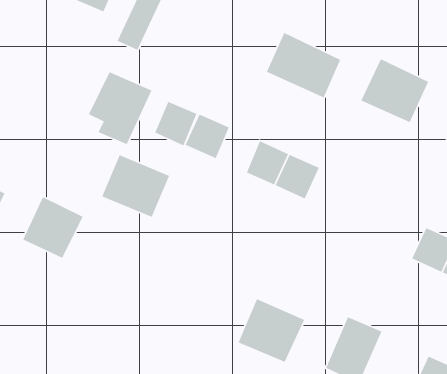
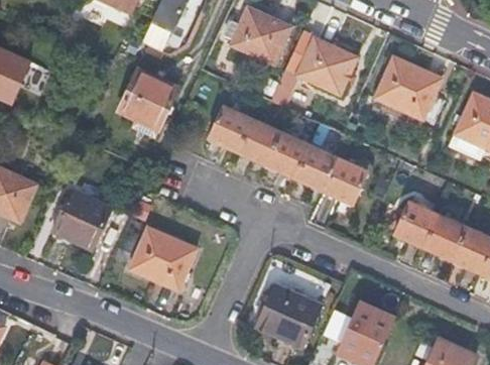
building: none -> [229,7,289,64]
building: [154,101,198,147] -> [237,122,278,165]
building: [101,154,170,218] -> [131,226,197,286]
building: none -> [322,160,367,205]
building: none -> [393,204,437,247]

